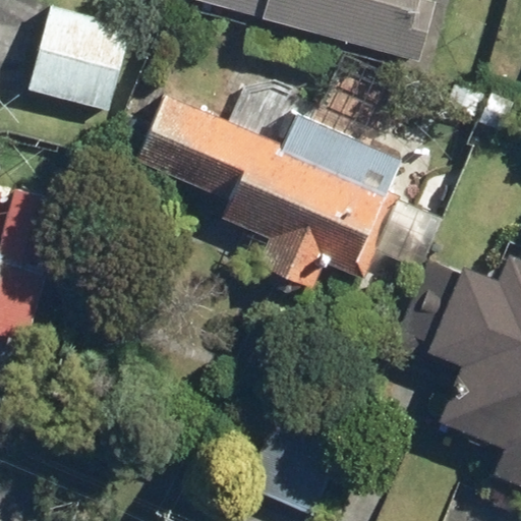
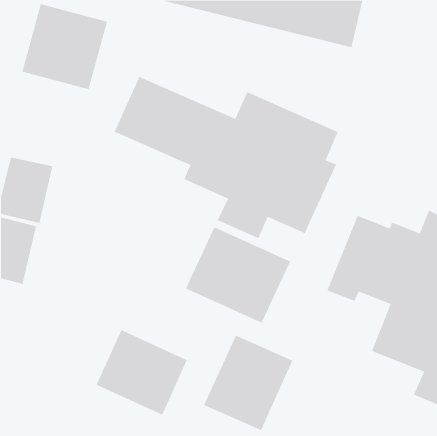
building: none -> [185,227,291,323]
building: none -> [96,329,188,416]

